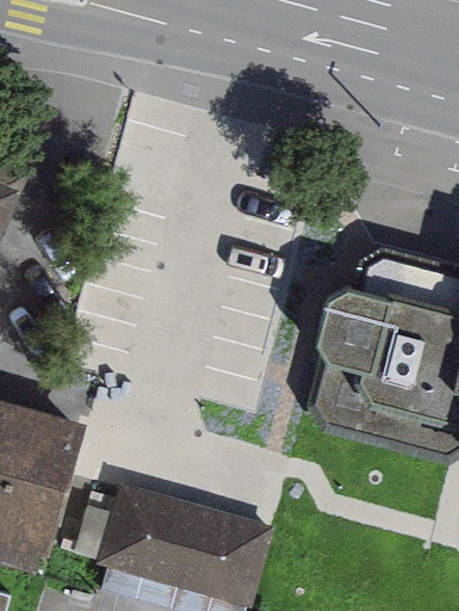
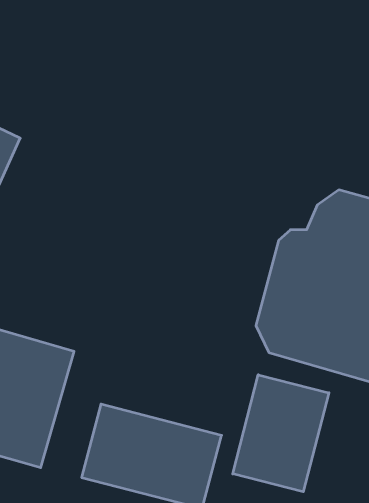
building: none -> [233,375,329,492]

